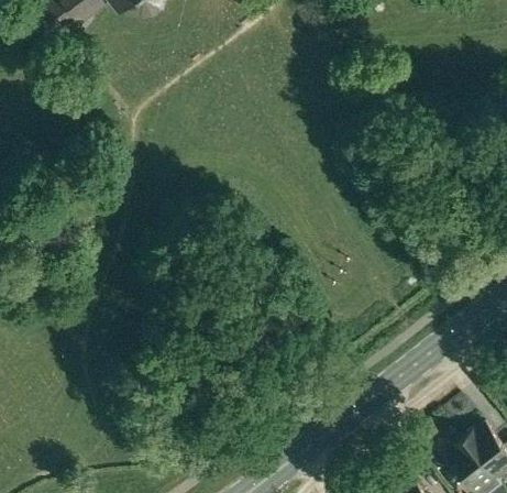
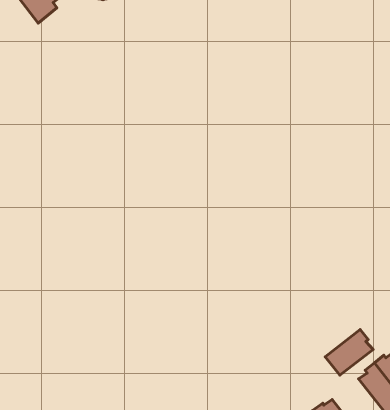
building: none -> [325,329,373,375]

